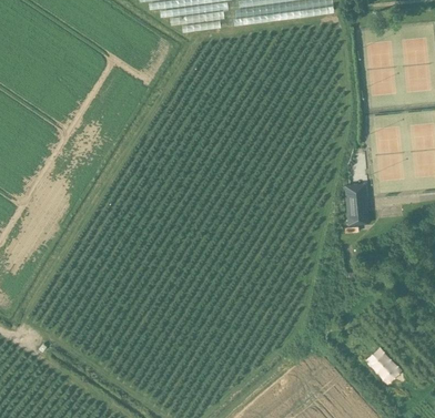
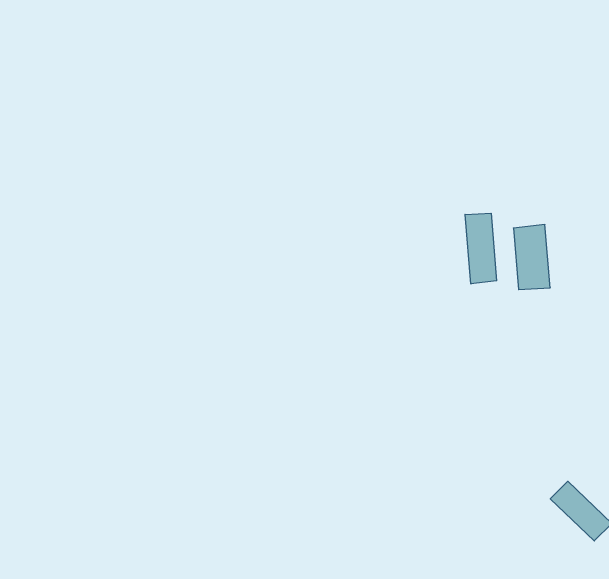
building: none -> [465,213,497,284]

